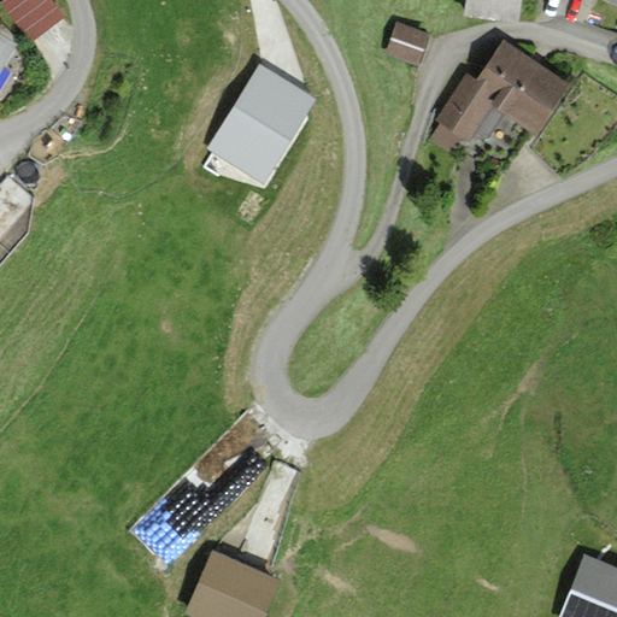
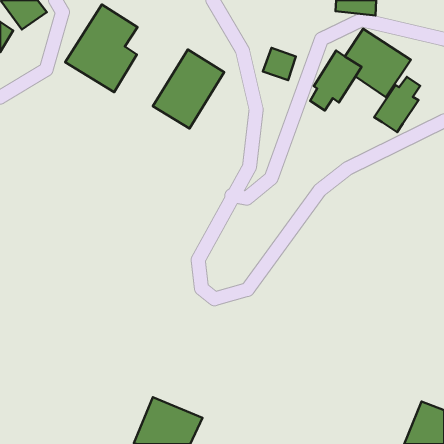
building: none -> [65,5,138,92]
building: [384,22,430,66] -> [263,48,296,80]
building: none -> [374,77,420,132]

